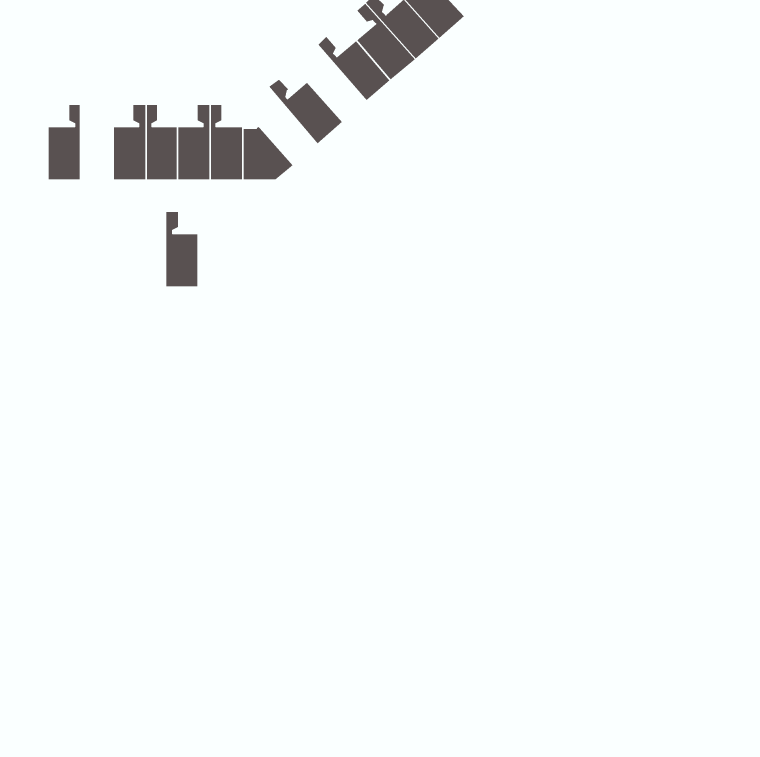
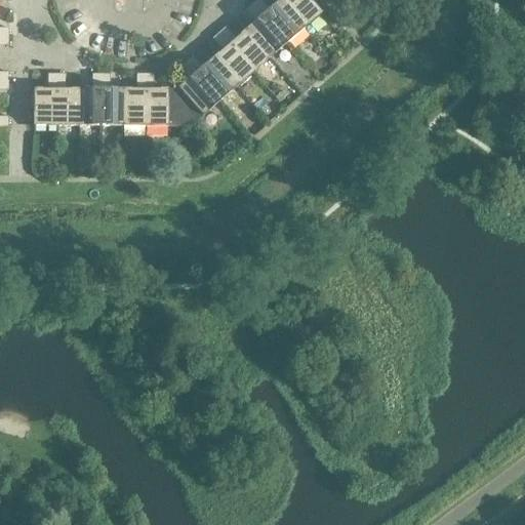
building: none -> [212,31,253,84]
building: none -> [178,59,219,114]
building: [165,211,198,287] -> [56,72,79,124]

